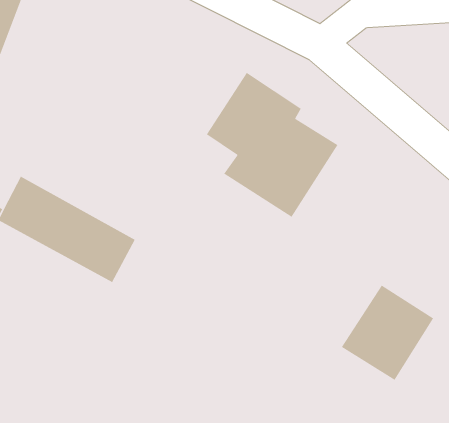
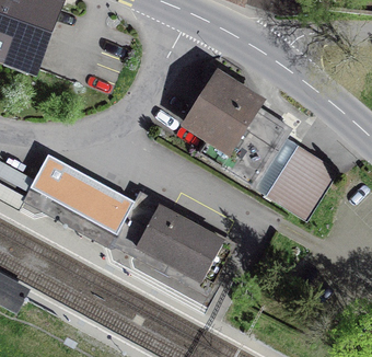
building: none -> [138,212,221,278]
building: [341,284,434,381] -> [265,146,335,218]

